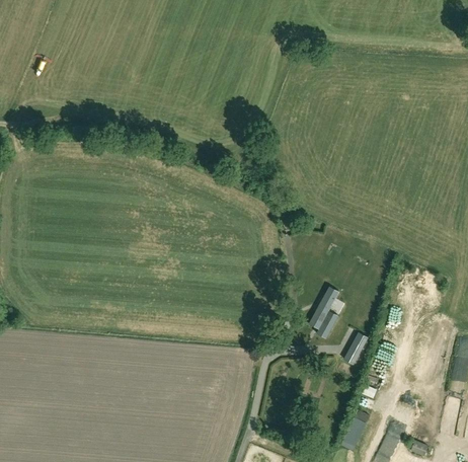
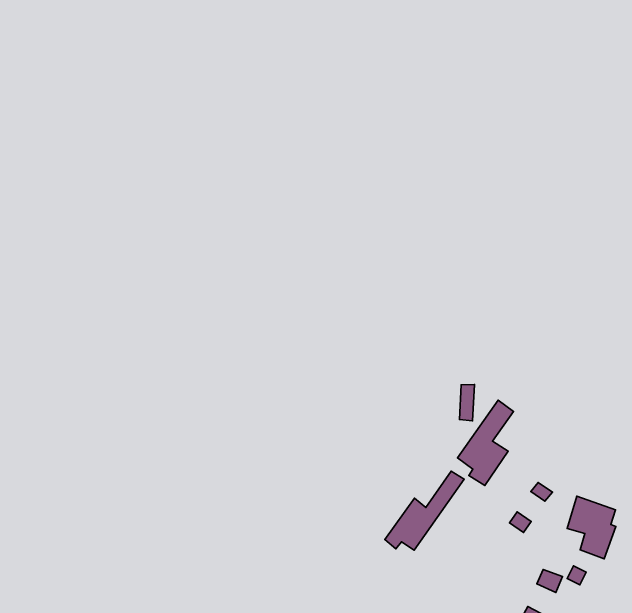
building: none -> [385,471,464,550]

